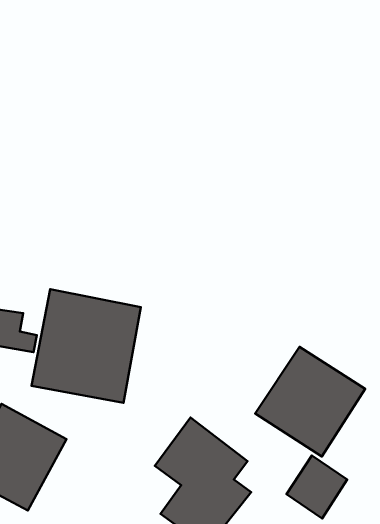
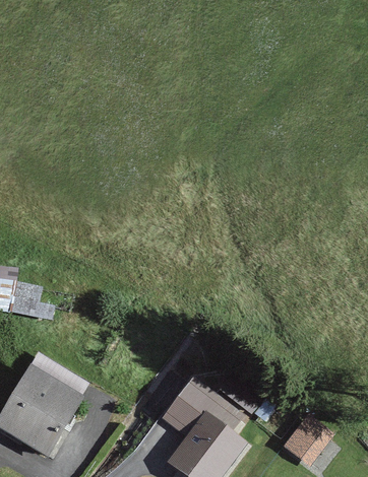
building: [32,289,141,403] -> none
building: [255,347,365,457] -> none

